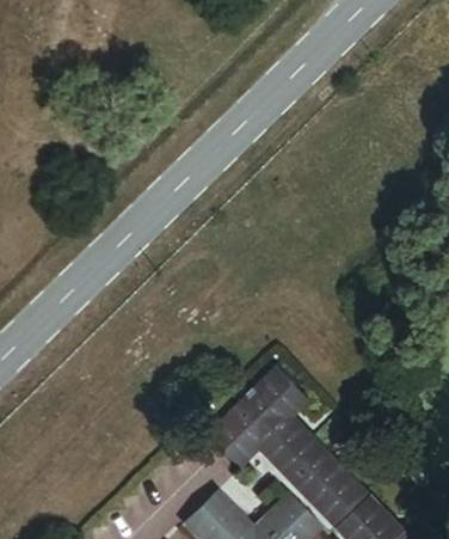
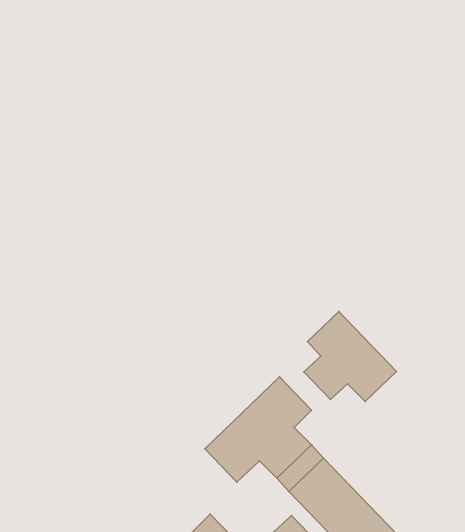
building: none -> [304,311,397,402]

